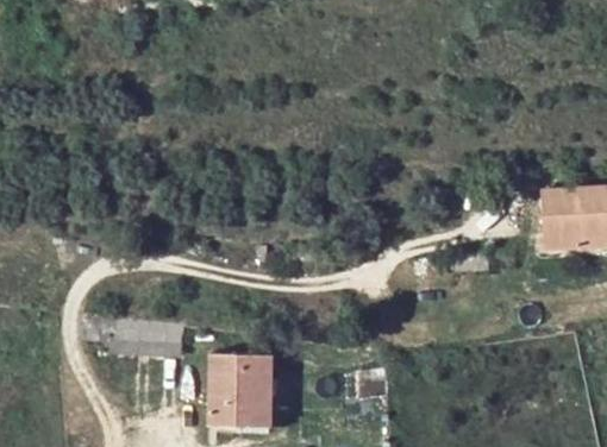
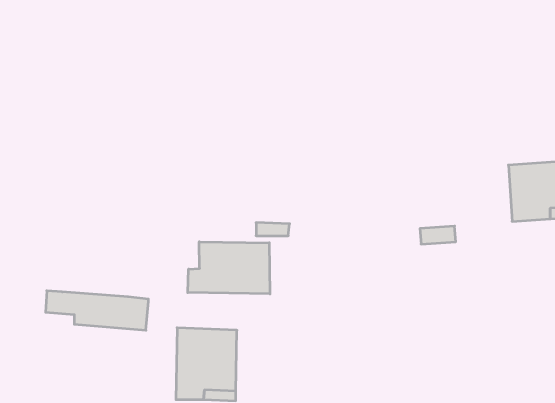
building: none -> [188,242,270,294]

